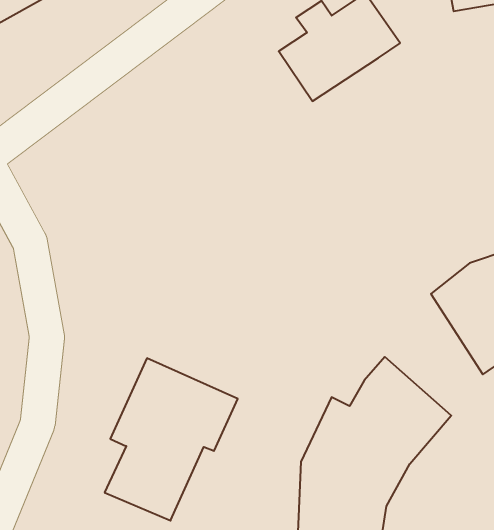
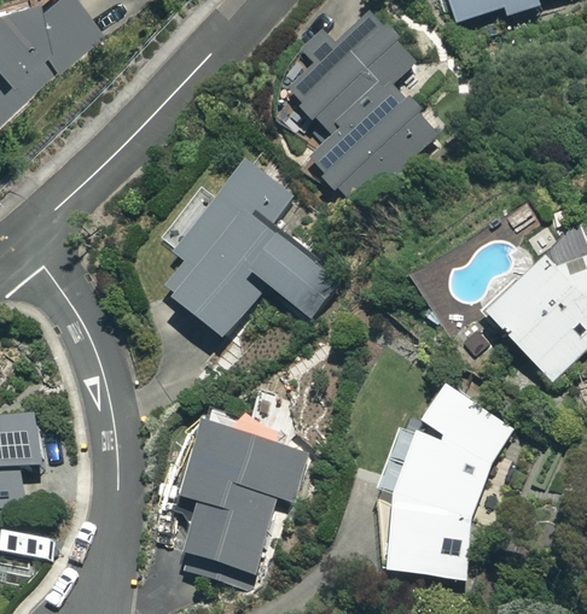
building: none -> [310,81,442,211]
building: none -> [164,156,344,341]

